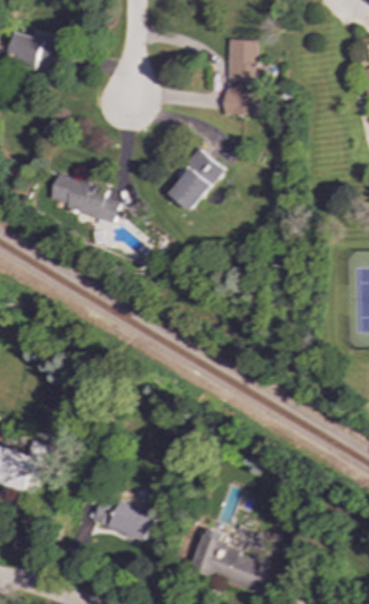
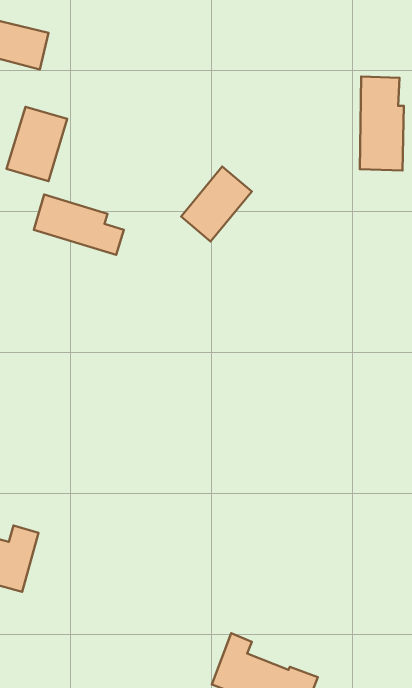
building: [224,38,260,114] -> [360,76,404,171]
building: none -> [7,107,67,181]
building: [91,494,154,540] -> none

